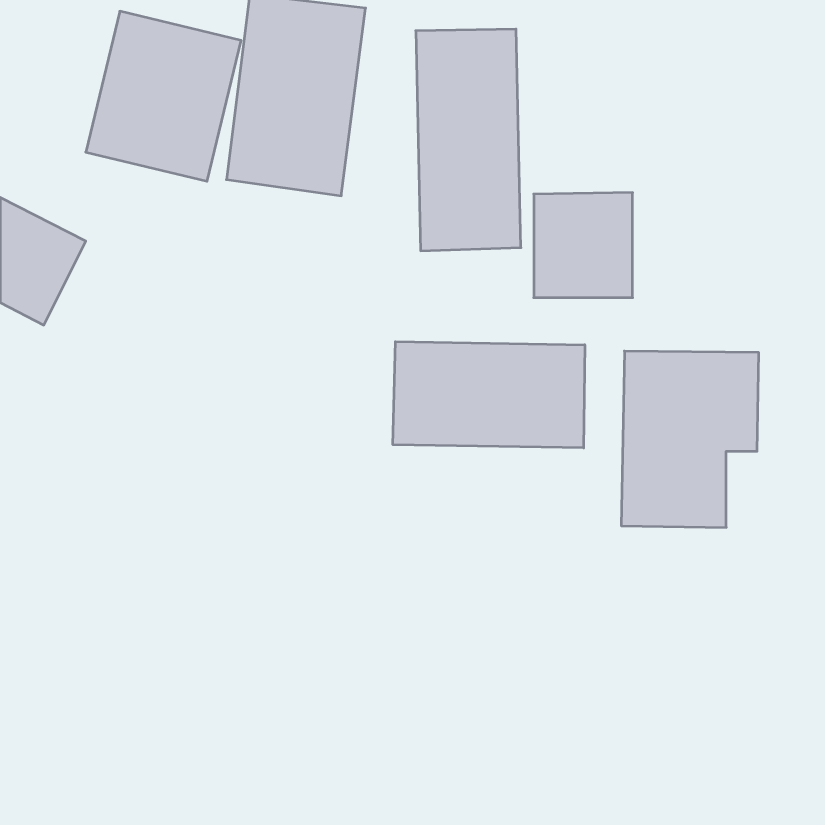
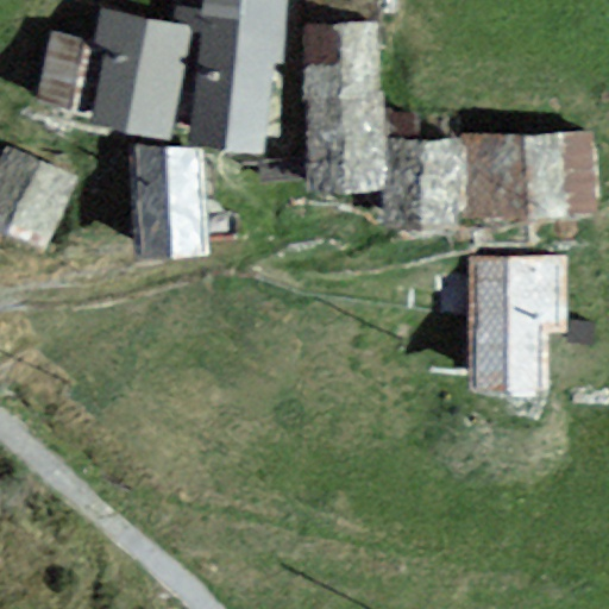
building: none -> [482,134,589,214]
building: none -> [136,149,209,257]
building: [393,342,585,448] -> none

